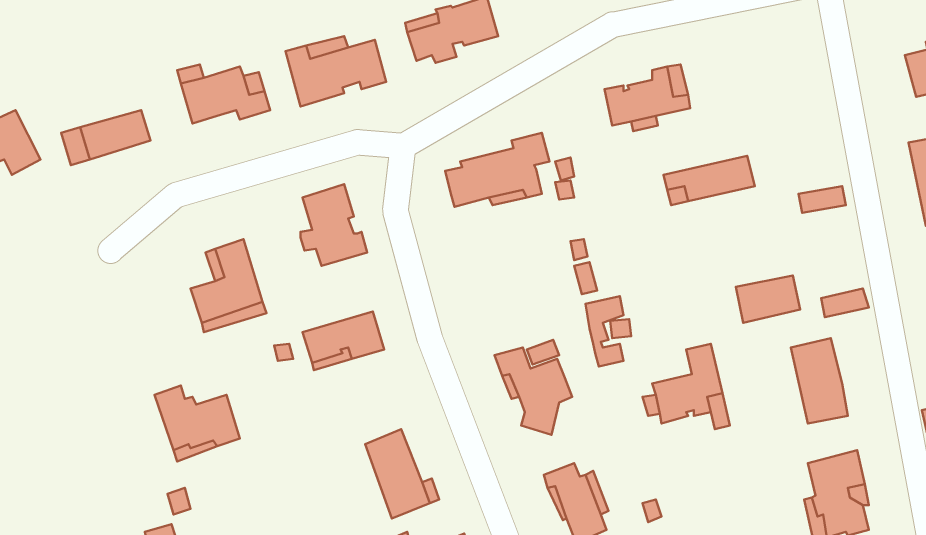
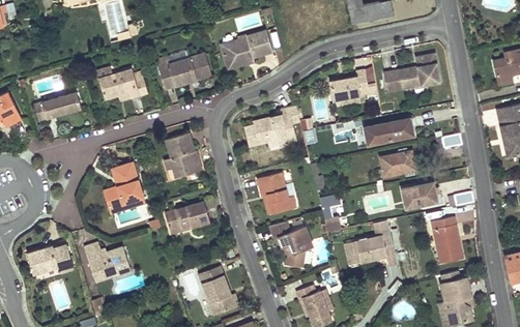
building: none -> [384,53,440,91]
building: none -> [379,148,422,177]
building: none -> [259,173,296,213]
building: none -> [27,241,73,275]

